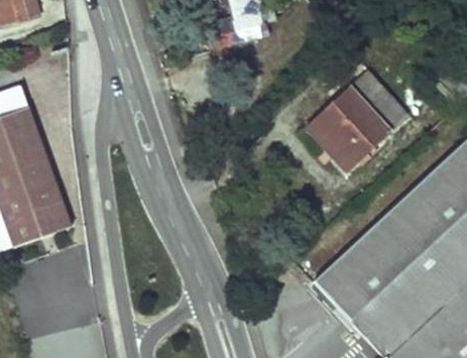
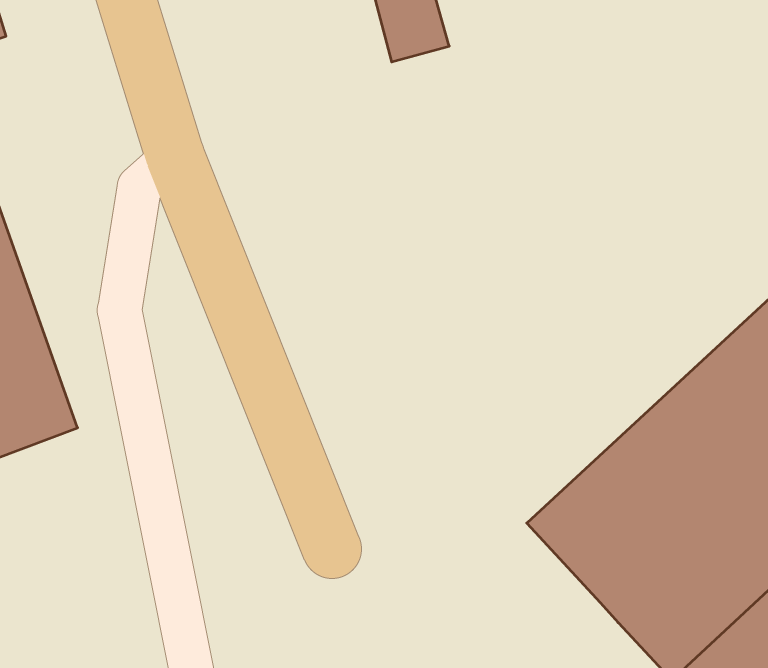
building: [306,72,407,172] -> none

